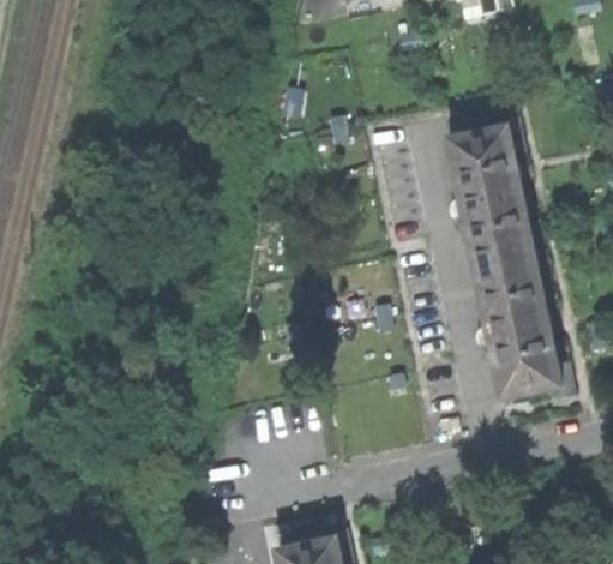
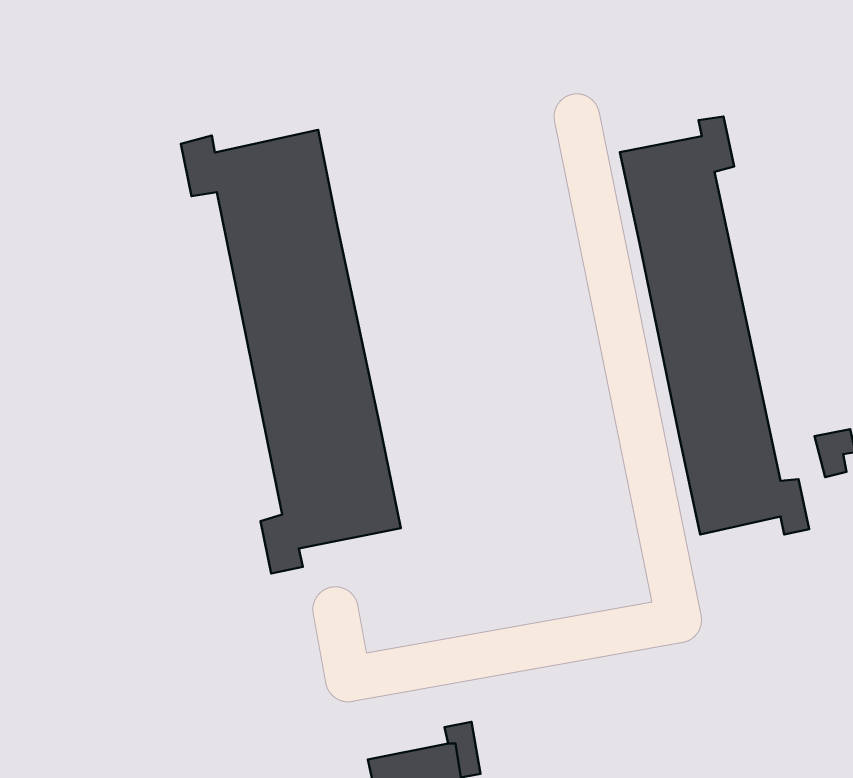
building: none -> [181,130,401,573]

